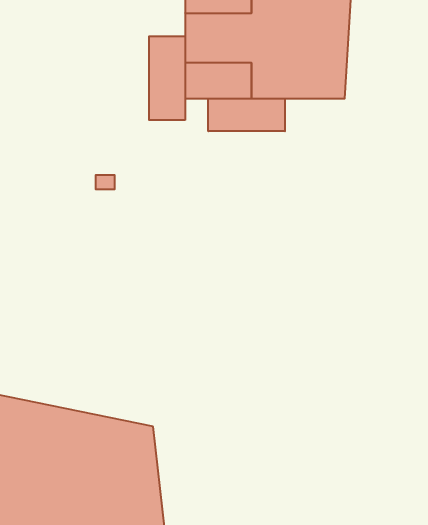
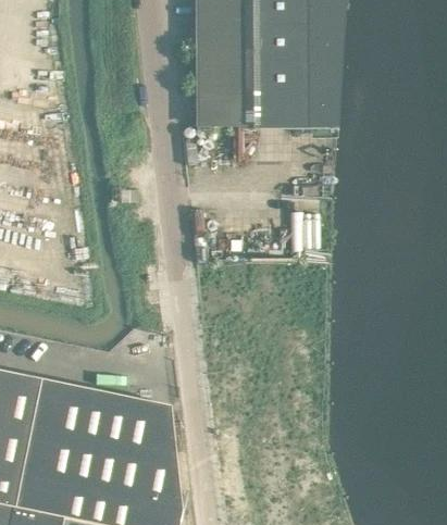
building: [149,36,185,120] -> none
building: [208,99,285,131] -> none

